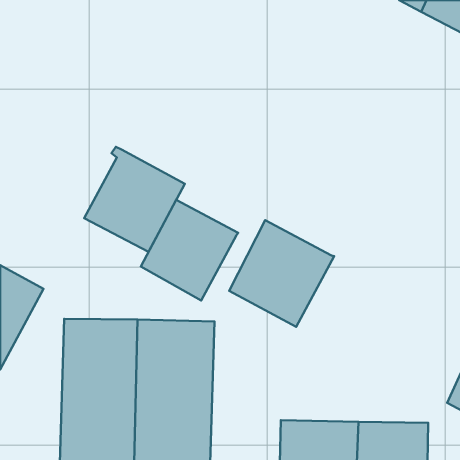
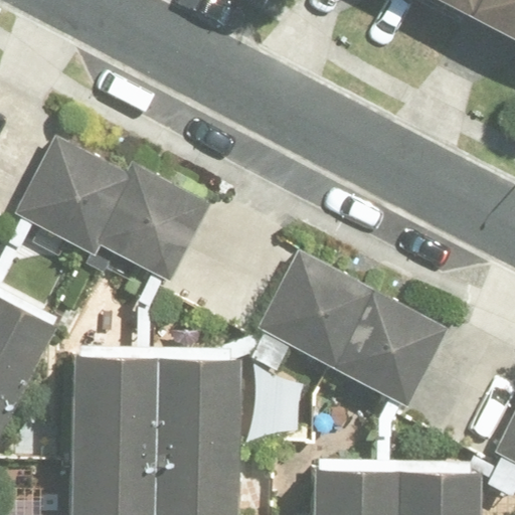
building: none -> [16,136,133,254]
building: [141,200,238,300] -> none
building: none -> [332,288,445,404]

